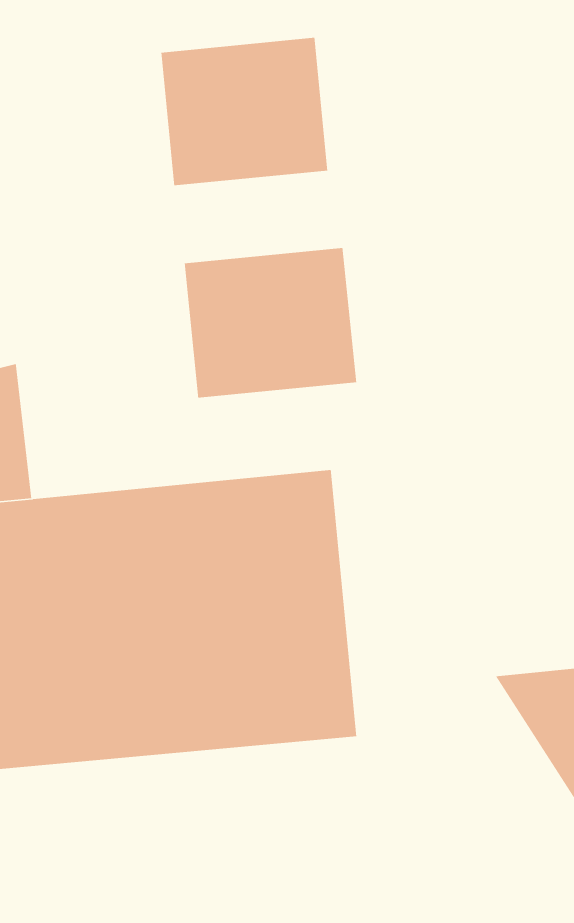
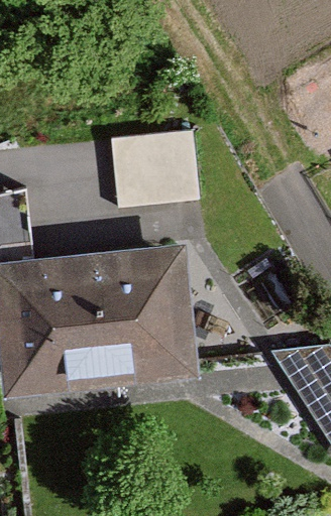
building: [161,37,328,186] -> none

